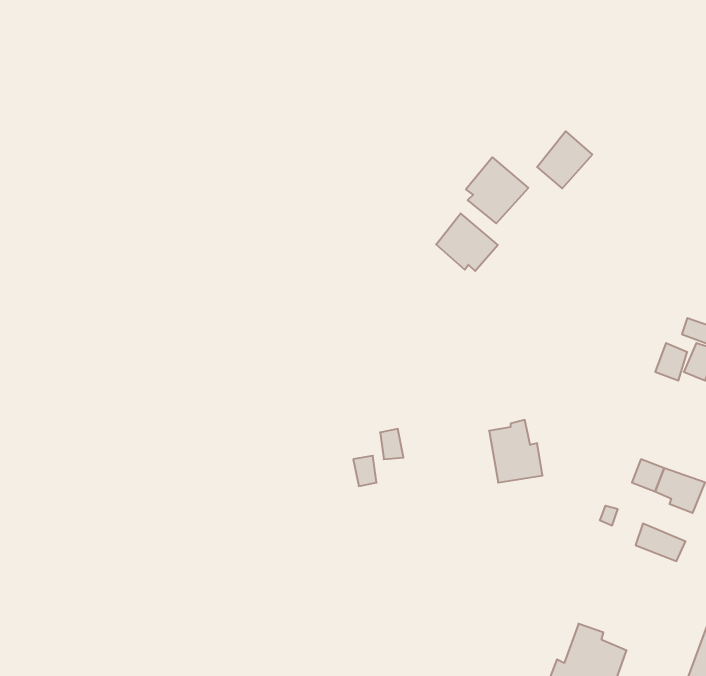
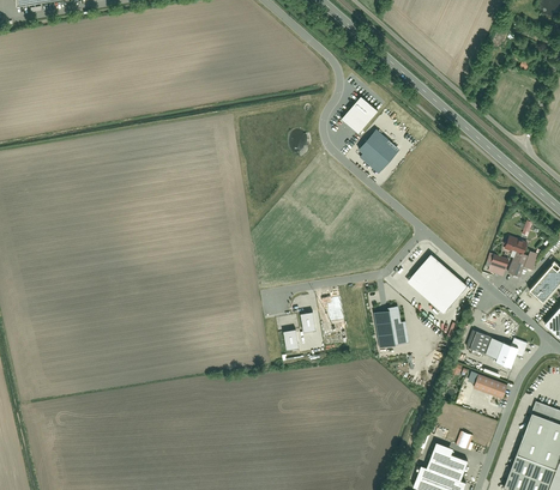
building: [537,131,592,188] -> [343,96,380,134]
building: [436,213,498,271] -> none
building: none -> [408,254,468,313]

